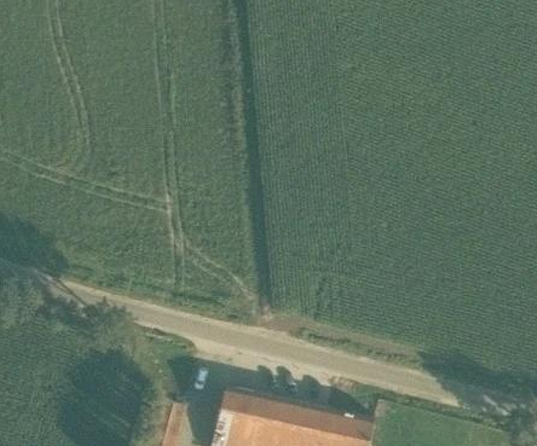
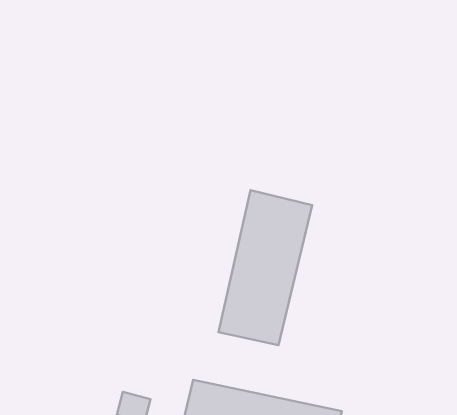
building: none -> [218,190,312,345]

